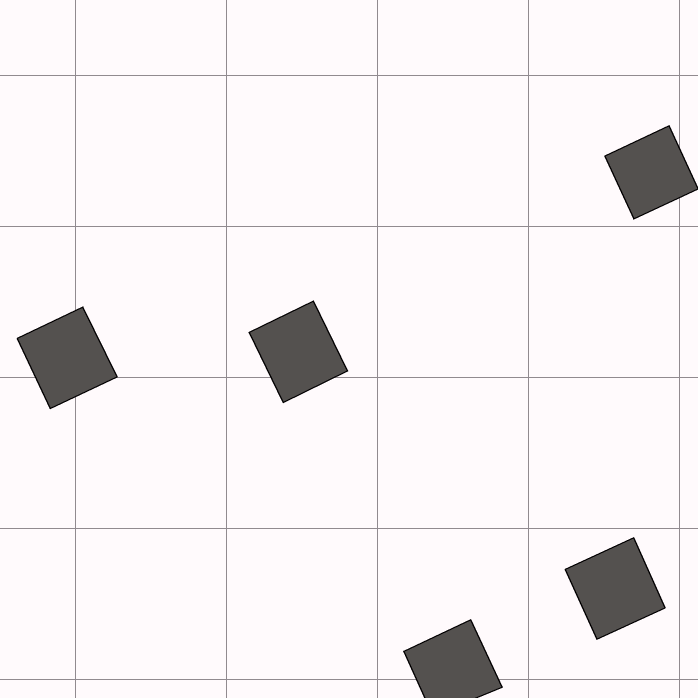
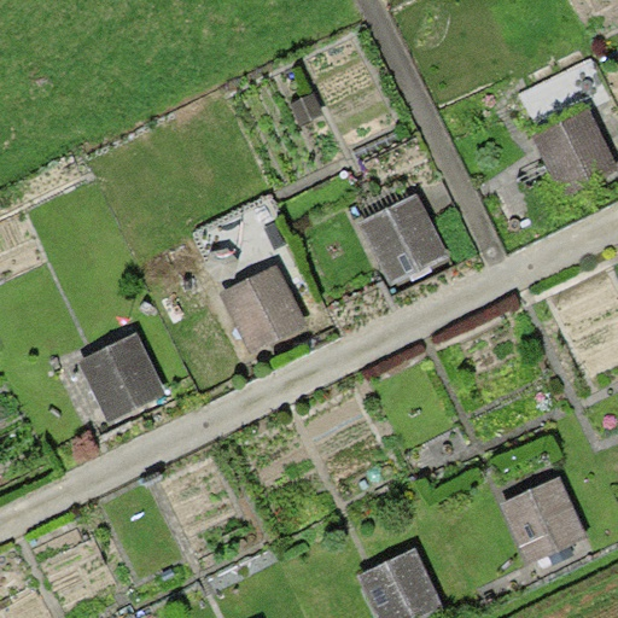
building: none -> [358,193,448,284]
building: [17,307,117,408] -> [78,333,167,422]

